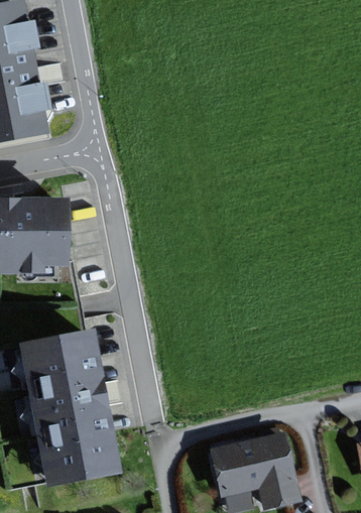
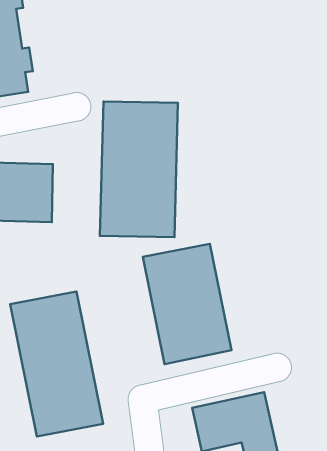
building: none -> [100,101,178,237]
building: none -> [143,244,231,364]

